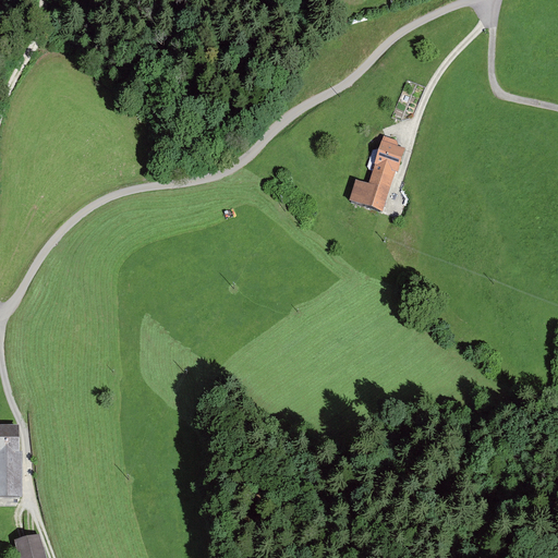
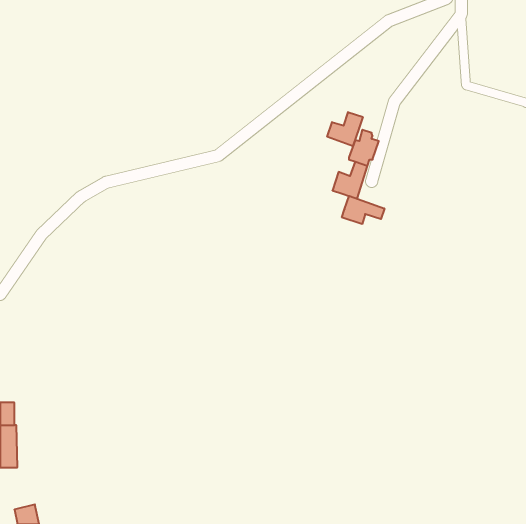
building: none -> [327,112,363,146]
building: none -> [342,196,384,224]

